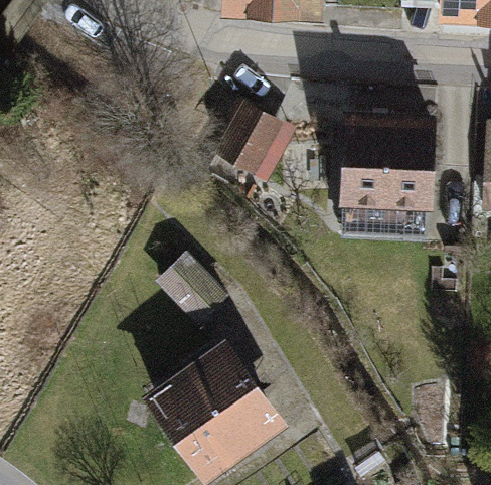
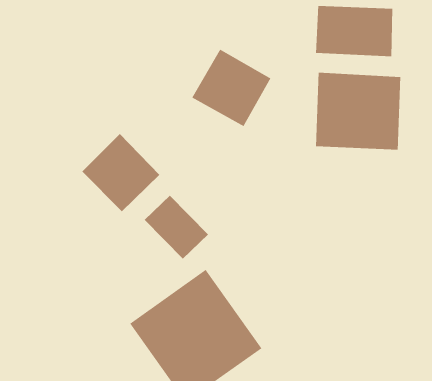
building: none -> [315,5,393,57]
building: none -> [82,133,160,212]

